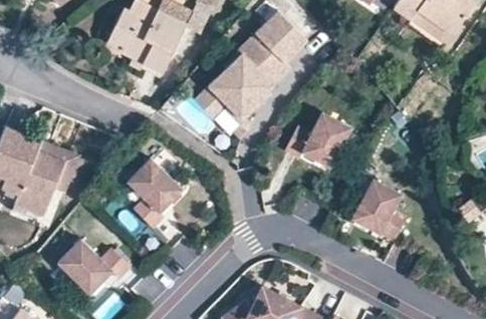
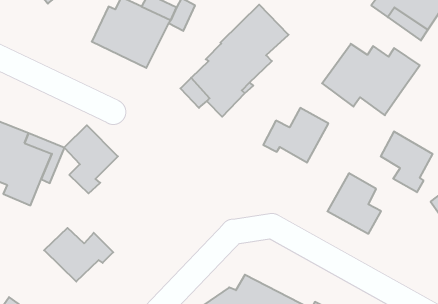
building: none -> [322,44,420,115]
building: none -> [381,131,432,192]
building: [128,156,183,227] -> [64,125,118,193]

